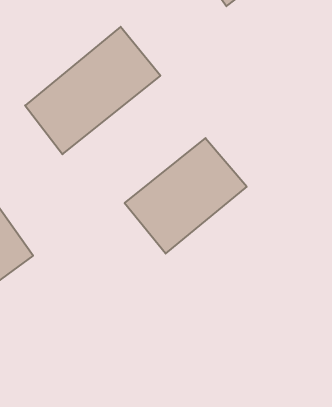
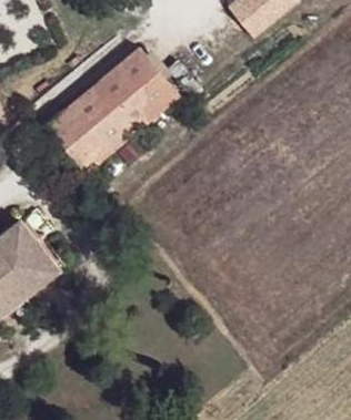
building: [125,138,247,254] -> none

